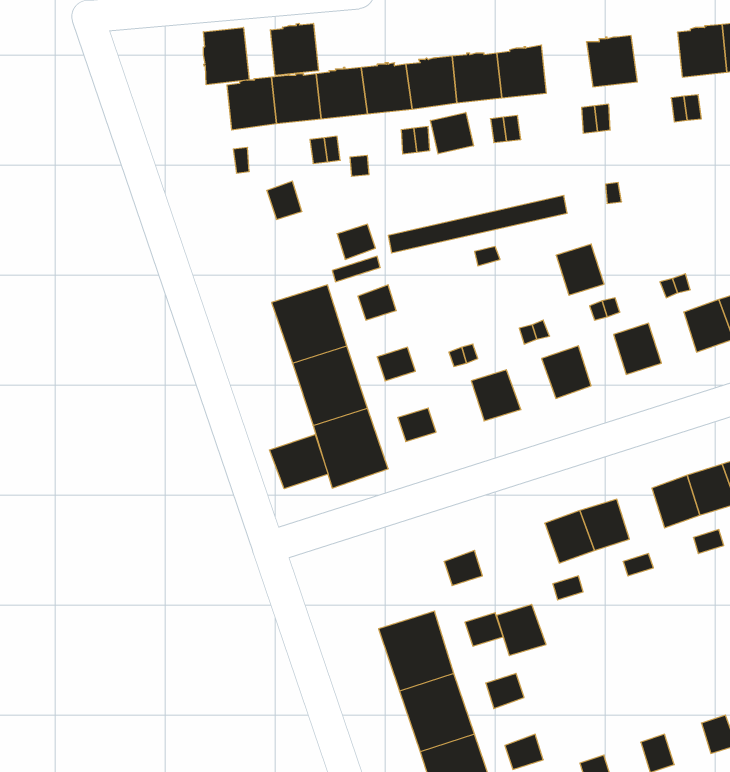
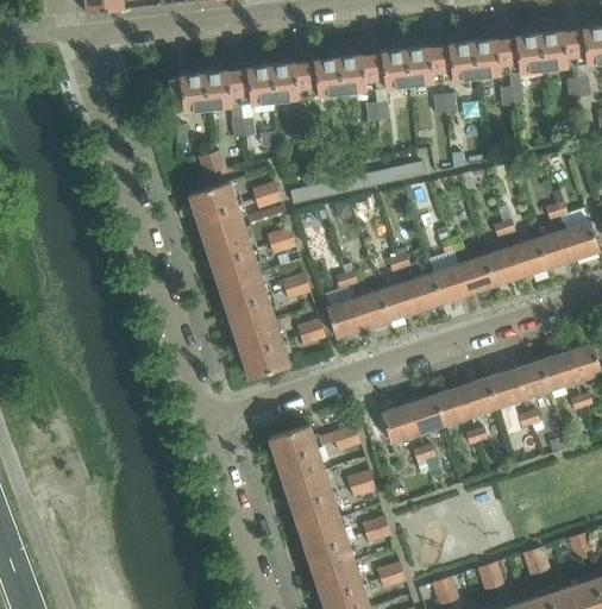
building: [270,23,319,75] -> none
building: [203,27,249,85] -> none
building: none -> [471,38,509,76]
building: none -> [405,46,443,84]
building: [430,112,473,154] -> none
building: none -> [189,181,245,240]
building: [556,244,604,295] -> [432,264,468,302]
building: none -> [484,247,520,285]
building: none -> [378,282,415,320]
building: none -> [326,299,362,338]
building: [270,434,328,489] -> none
building: none -> [460,378,496,416]
building: none -> [269,425,325,483]
building: [497,604,546,656] -> [381,404,418,442]

